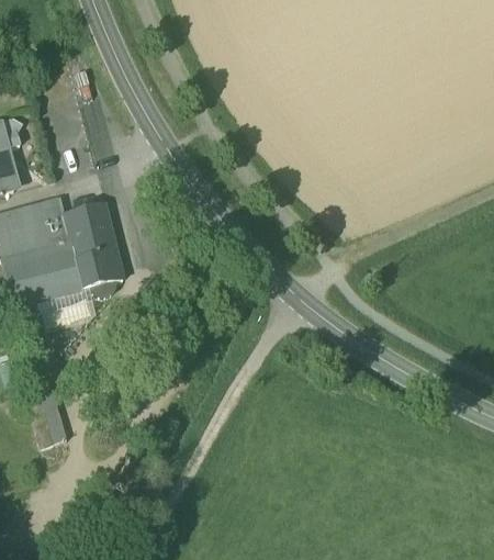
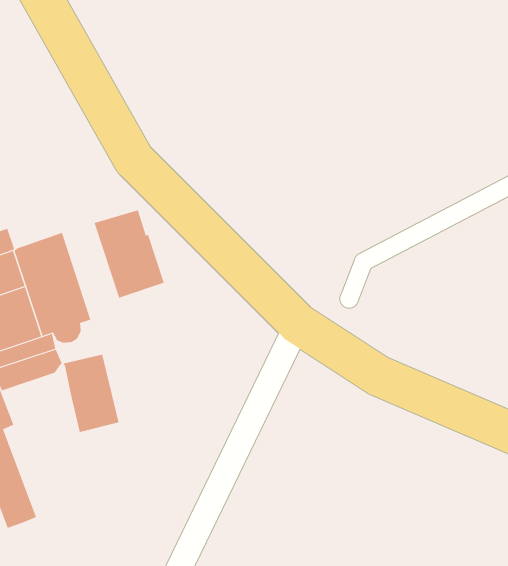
building: none -> [94,210,165,299]
building: none -> [63,354,119,433]

